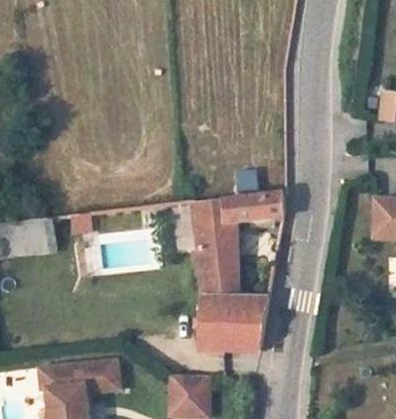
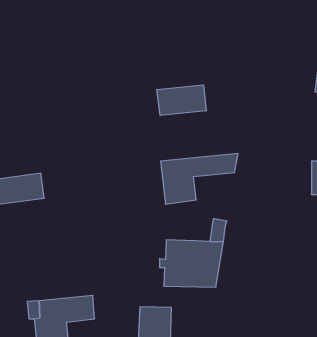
building: none -> [157,85,206,115]
building: [195,248,237,296] -> none

